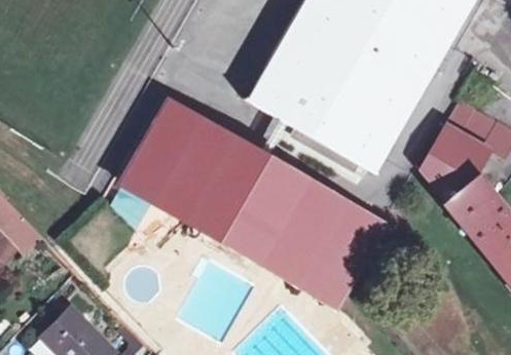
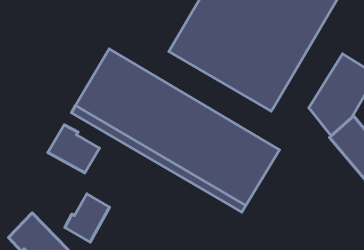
building: none -> [48,125,100,173]
building: none -> [65,194,109,242]

